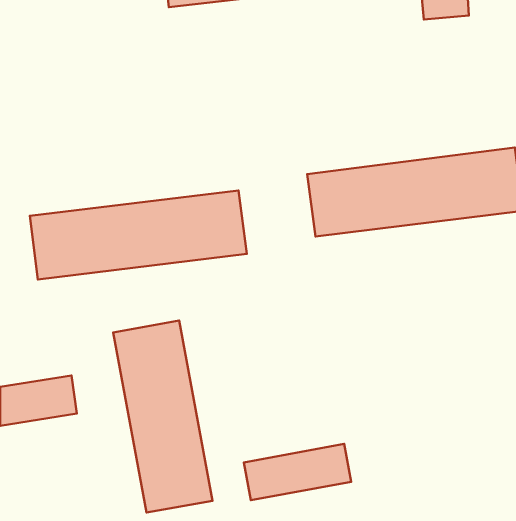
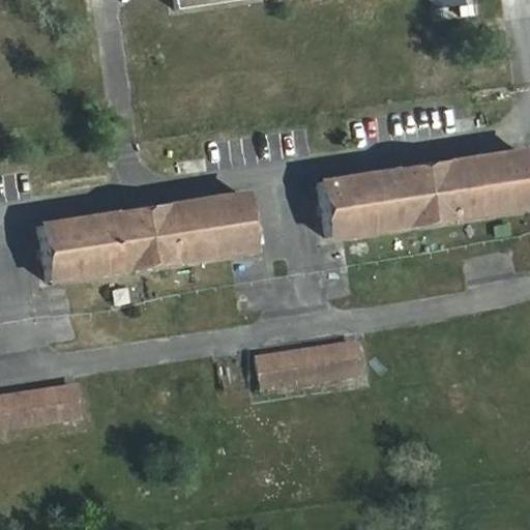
building: [113,321,212,513] -> none
building: [244,444,351,500] -> [256,336,364,393]

